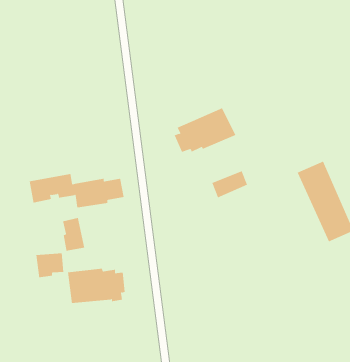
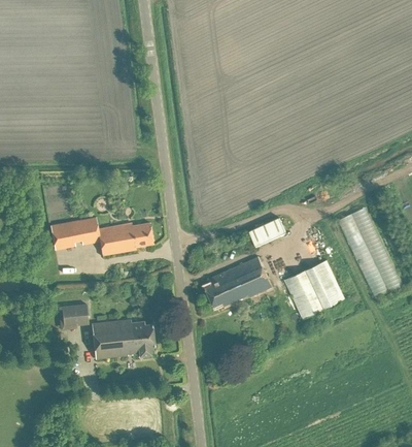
building: [174,107,236,152] -> [205,257,272,306]
building: none -> [283,260,344,319]
building: [63,217,85,252] -> none

